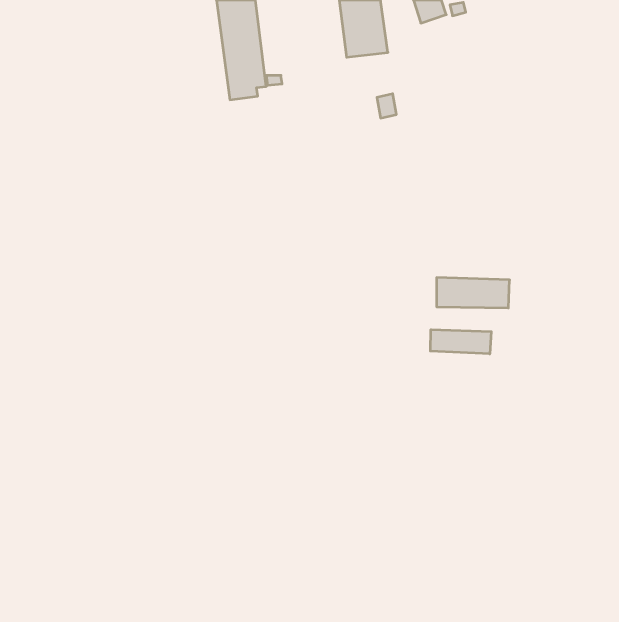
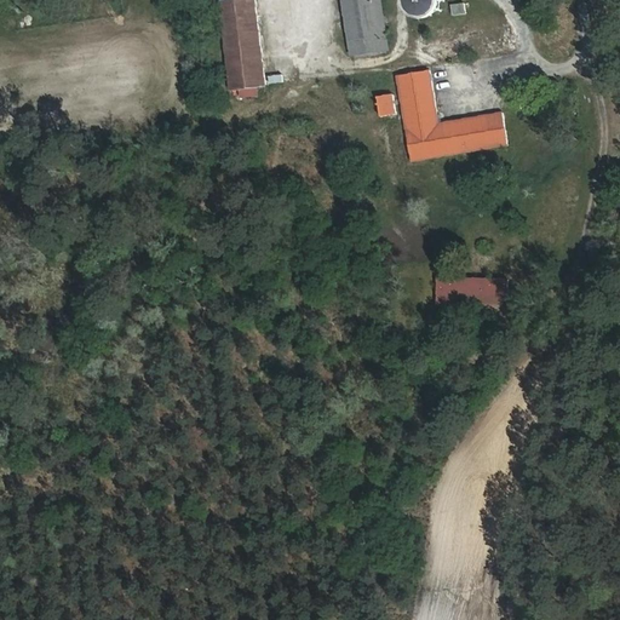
building: none -> [396,70,507,161]
building: [430,330,491,354] -> none

